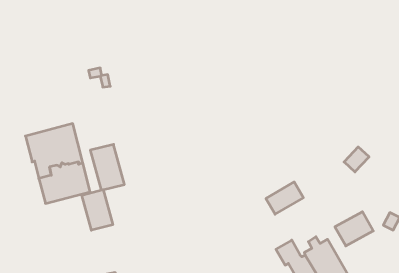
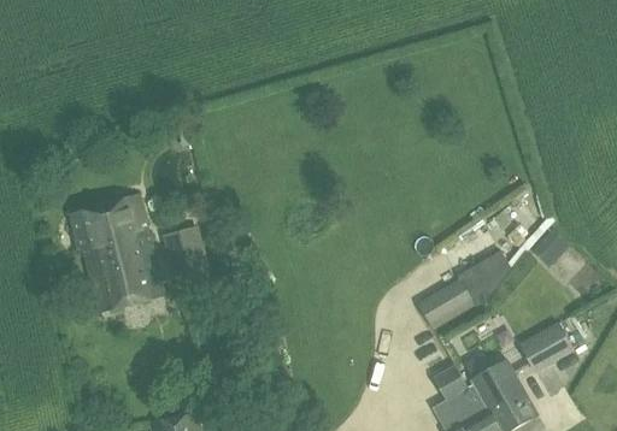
building: none -> [457,253,507,307]
building: [82,190,113,230] -> none

